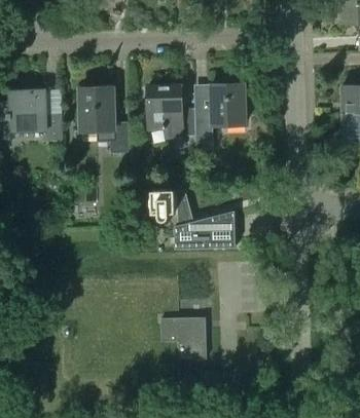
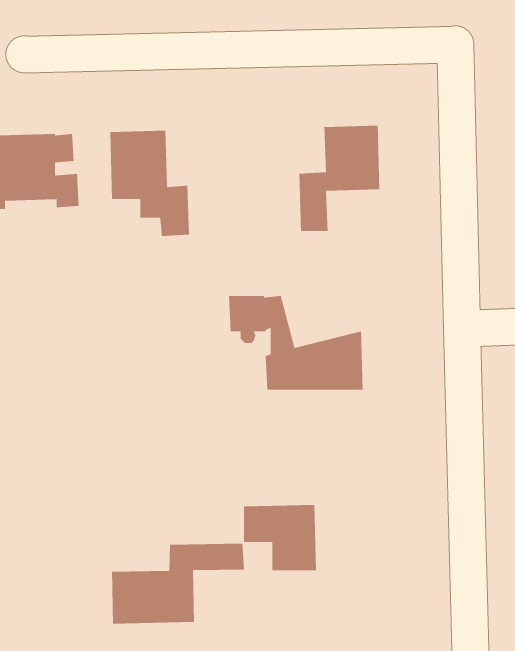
building: [146,85,193,138] -> none
building: none -> [111,543,245,624]

